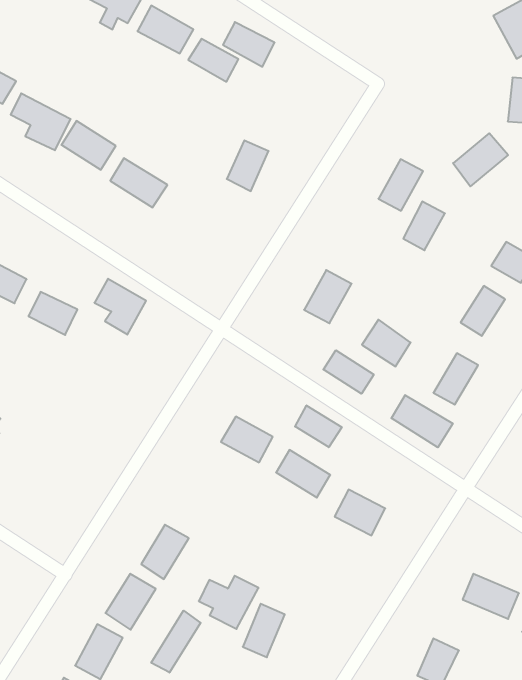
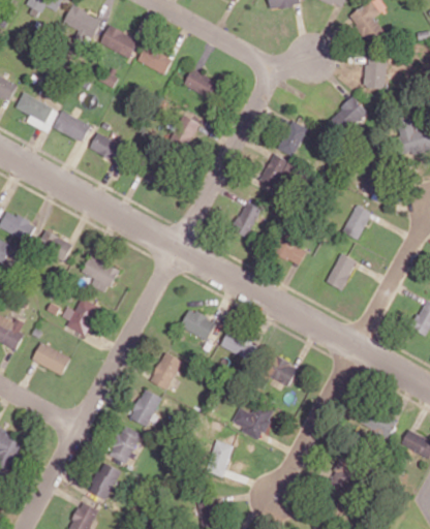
building: [223,22,275,67] -> [184,69,220,99]
building: [403,201,445,250] -> [260,153,288,187]
building: [94,279,146,335] -> [82,255,118,293]
building: [323,350,374,394] -> none
building: none -> [62,298,98,335]
building: [391,395,453,447] -> none
building: [295,405,342,447] -> none
building: none -> [32,342,71,375]
building: none -> [151,351,182,390]
building: [199,576,259,629] -> [233,403,274,440]
building: [151,611,201,673] -> none

